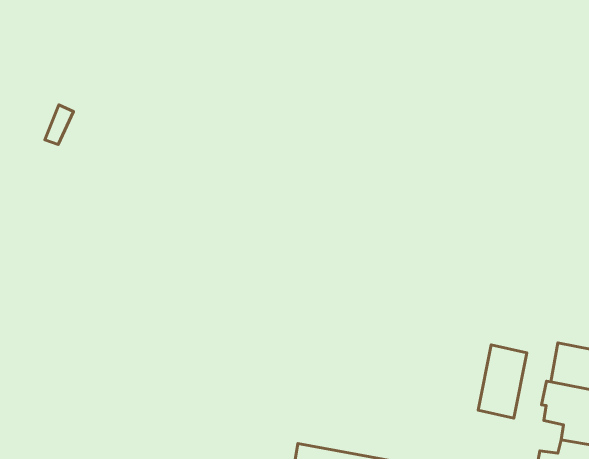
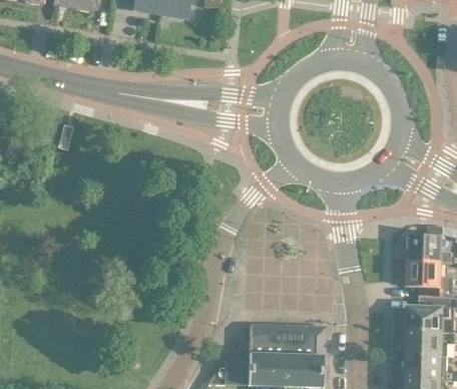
building: [478,345,527,418] -> none

